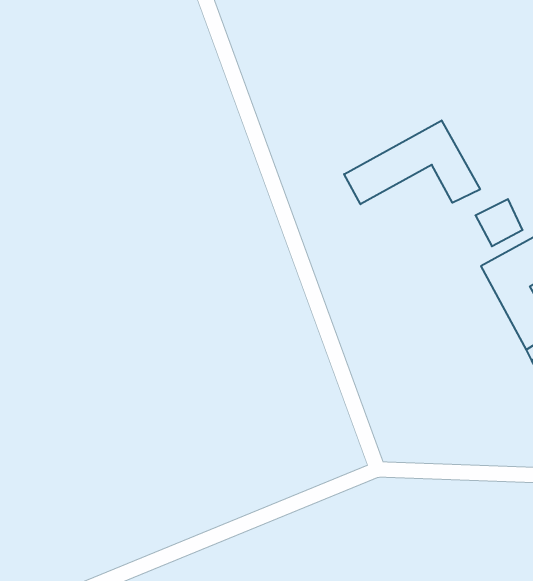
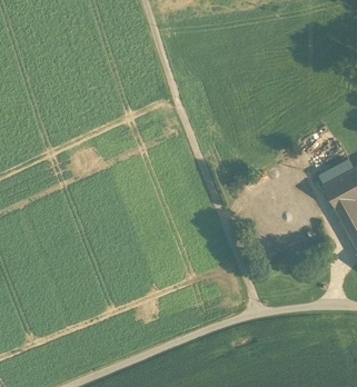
building: [344,120,480,204] -> none

